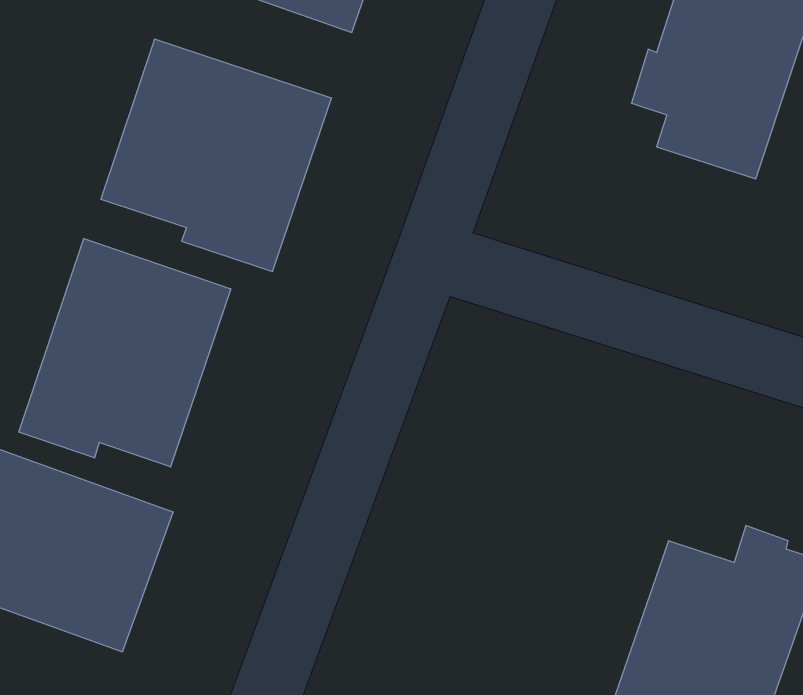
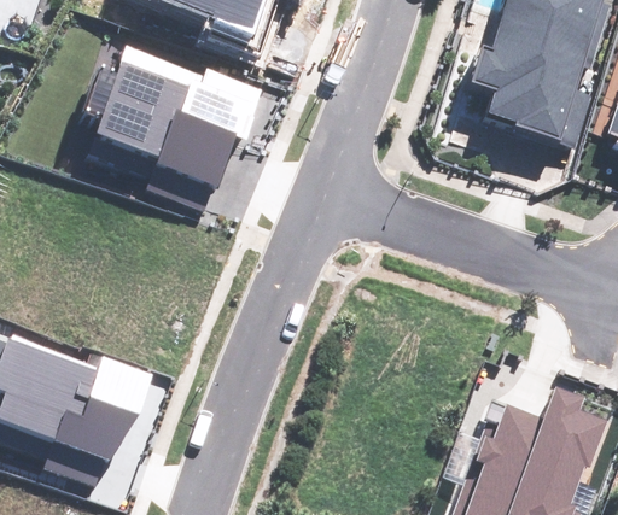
building: [19,239,231,467] -> none

